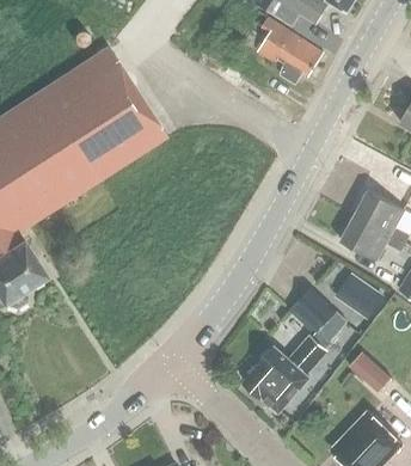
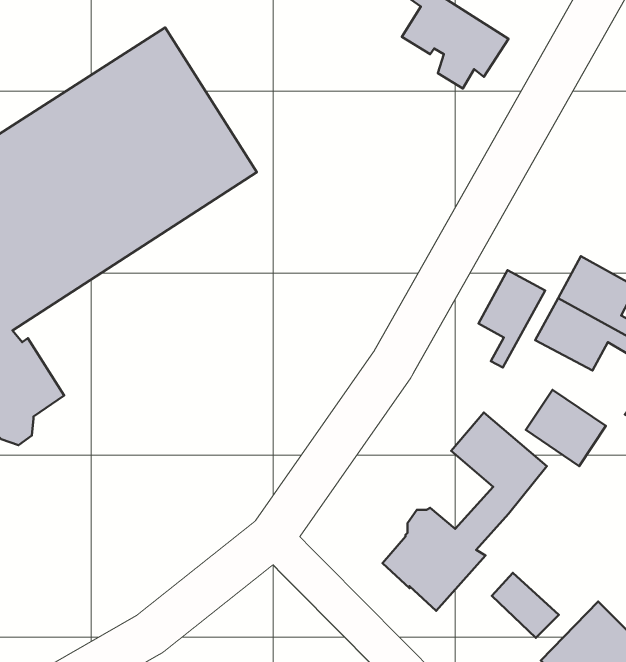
building: none -> [479,270,545,368]
building: [349,352,391,393] -> [492,573,559,638]

